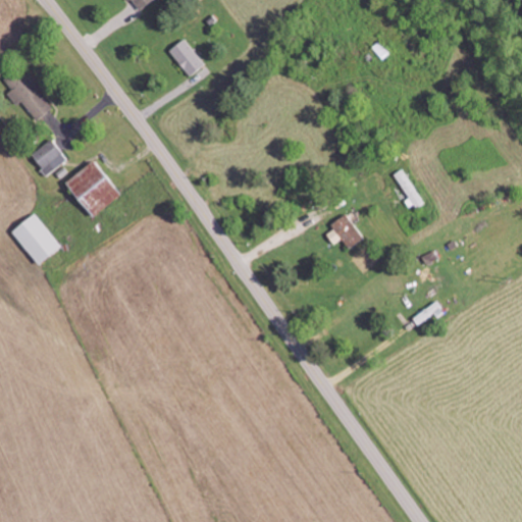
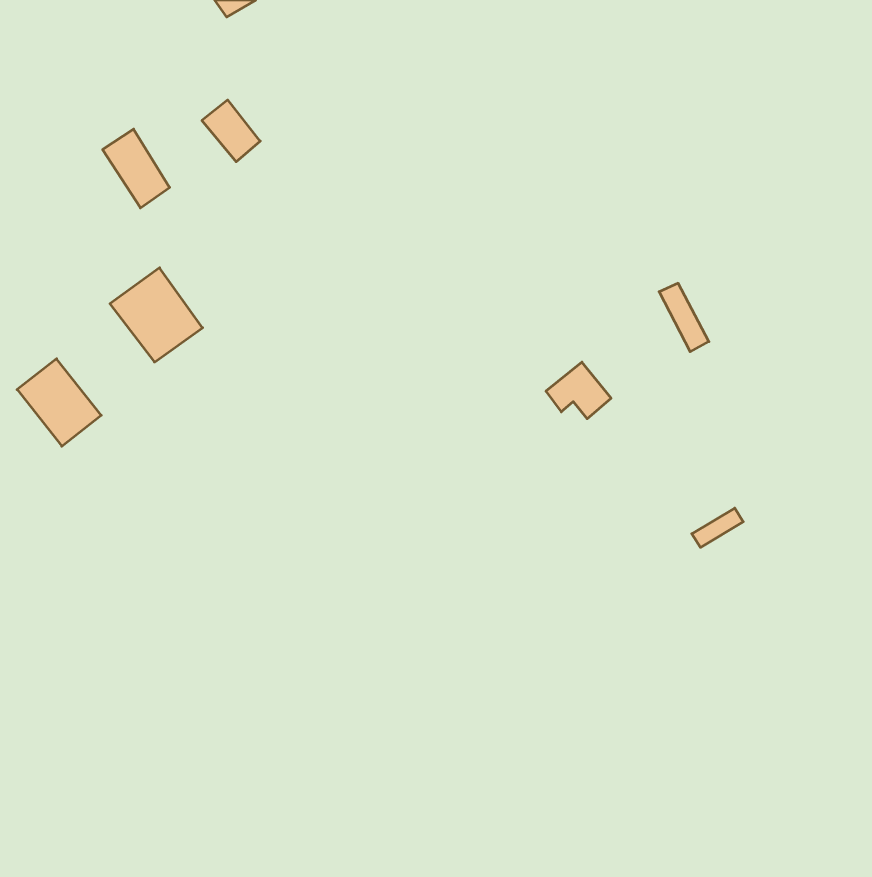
building: [168,39,203,75] -> [202,100,260,162]
building: [12,73,52,120] -> [103,129,170,208]
building: [30,139,66,174] -> none

